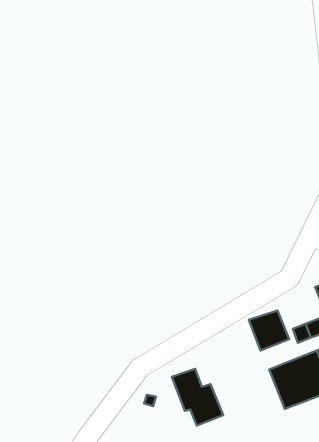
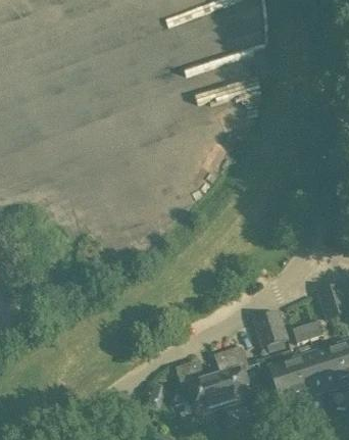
building: none -> [212,347,248,405]

